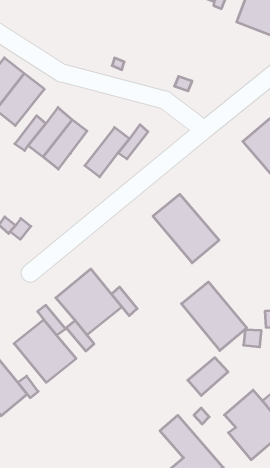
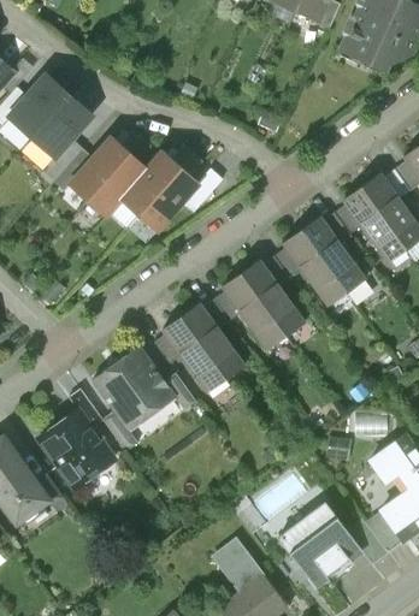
building: none -> [123,154,181,217]
building: none -> [282,219,362,307]
building: [181,282,247,351] -> [163,304,243,392]

